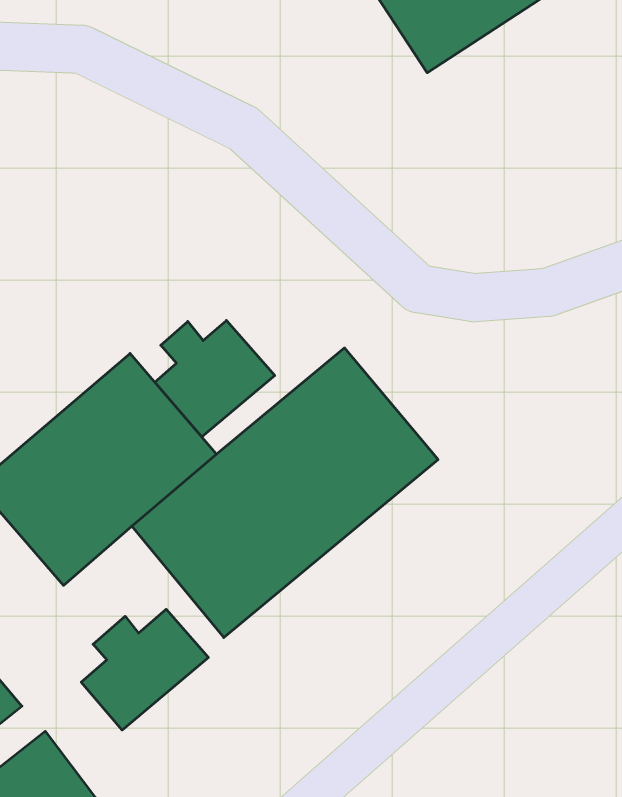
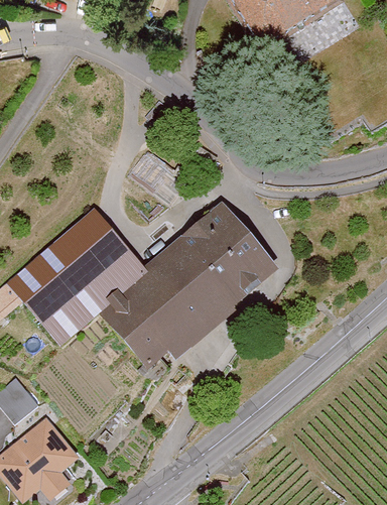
building: [155,320,275,437] -> none
building: [81,609,208,730] -> none

